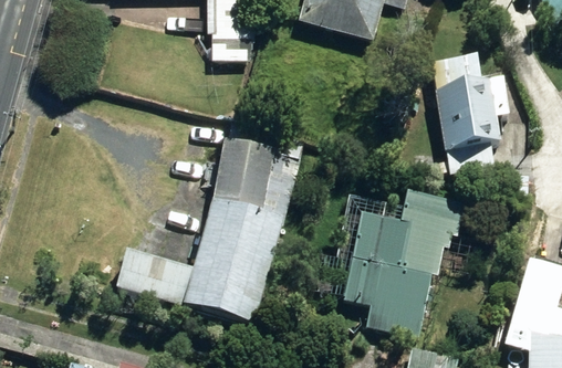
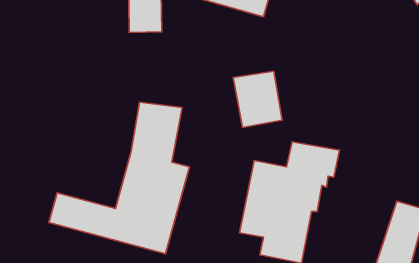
building: [441,81,500,148] -> [233,71,282,128]

